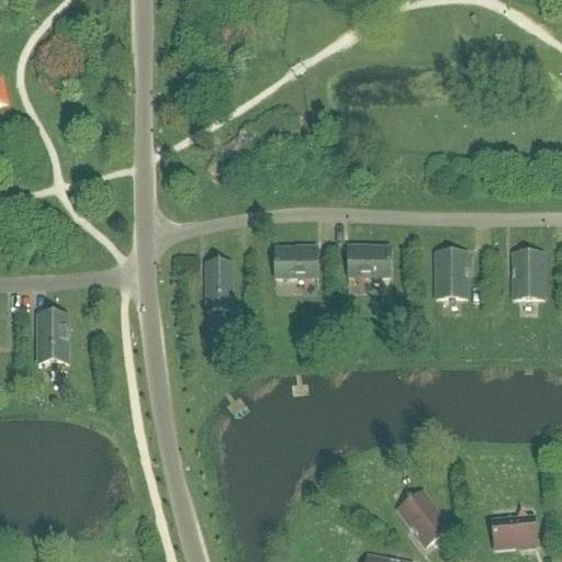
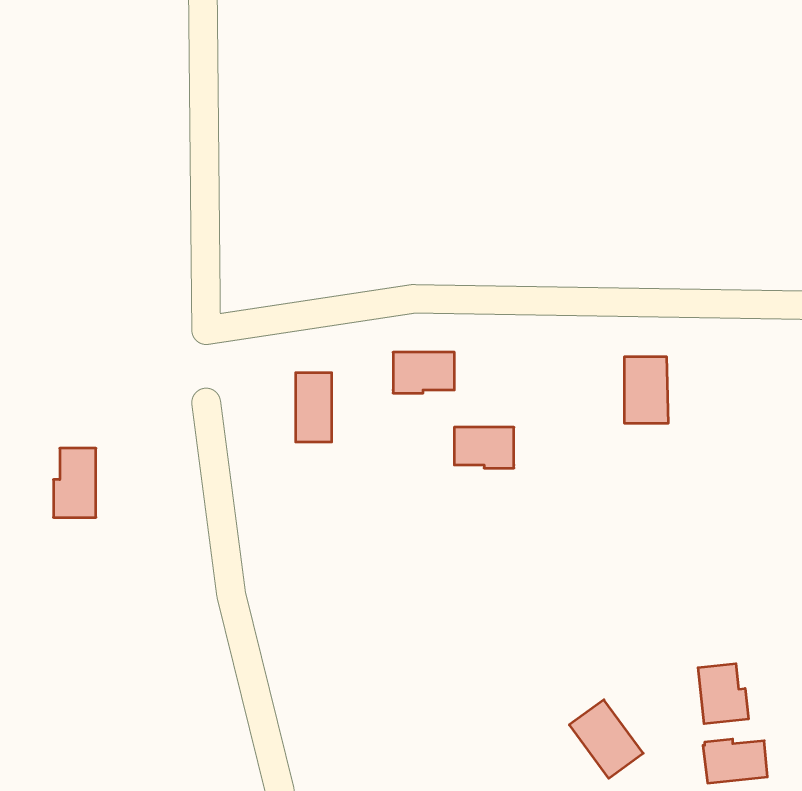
building: [348,245,390,273] -> [454,427,514,468]
building: [513,250,543,296] -> none
building: none -> [698,664,748,724]

